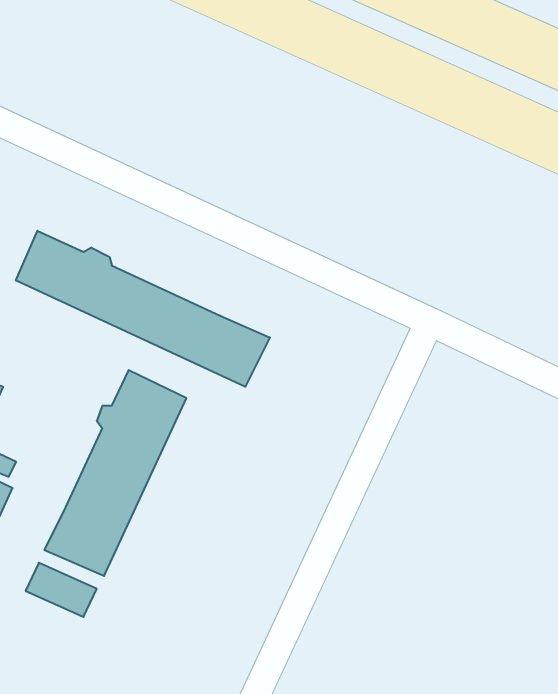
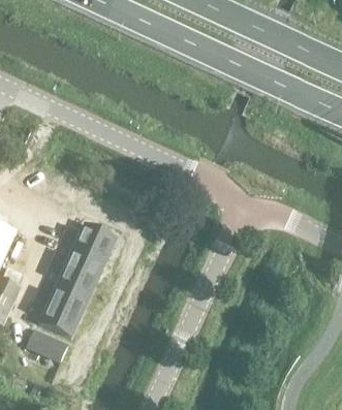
building: [16,231,270,387] -> none

